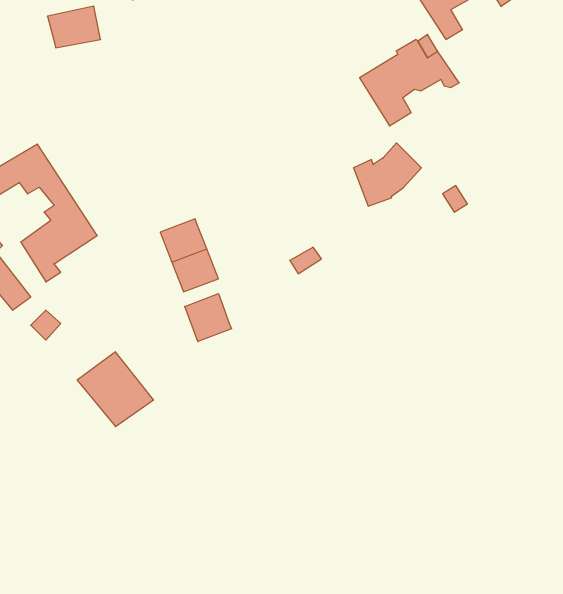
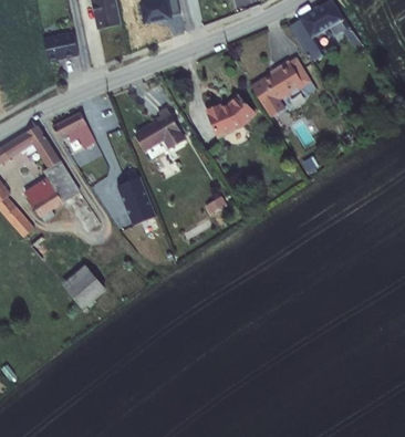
building: none -> [132,105,184,162]
building: none -> [51,112,94,147]
building: [353,143,421,206] -> [209,95,255,137]
building: [185,294,232,342] -> none

